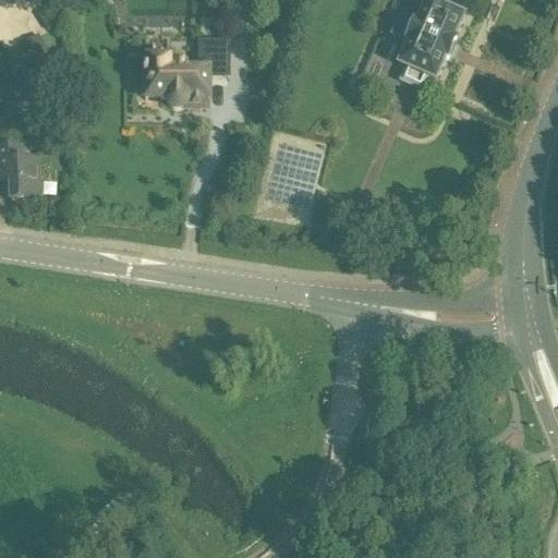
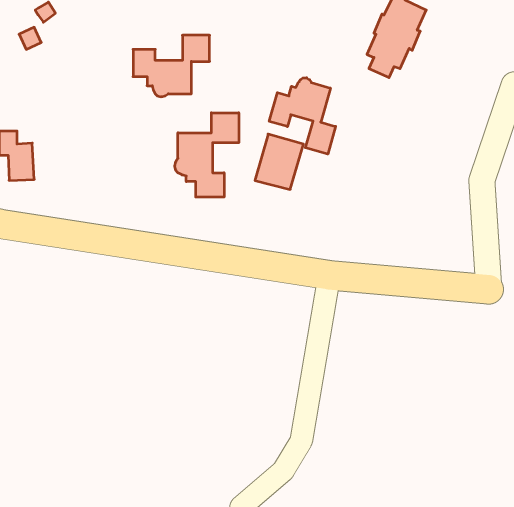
building: none -> [269,78,336,154]
building: none -> [175,113,239,197]

